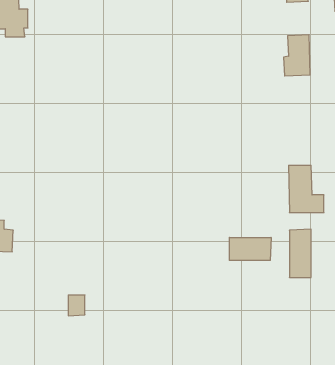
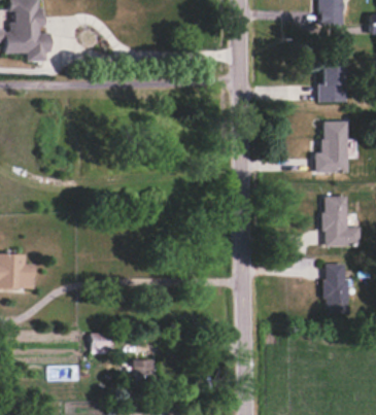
building: none -> [314,120,347,172]
building: [229,237,271,260] -> none
building: none -> [133,358,155,381]

